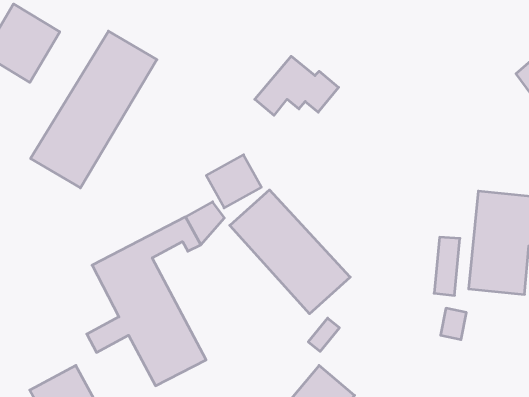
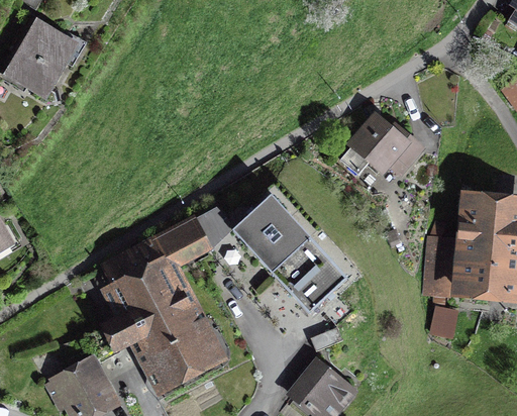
building: [31,31,157,188] -> none
building: [255,56,339,115] -> [341,118,420,174]
building: [206,155,261,208] -> none

